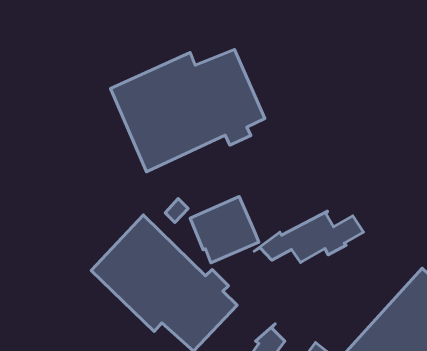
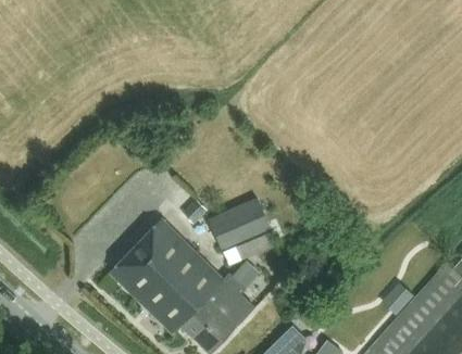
building: [110,49,265,172] -> none
building: [254,211,364,263] -> none

